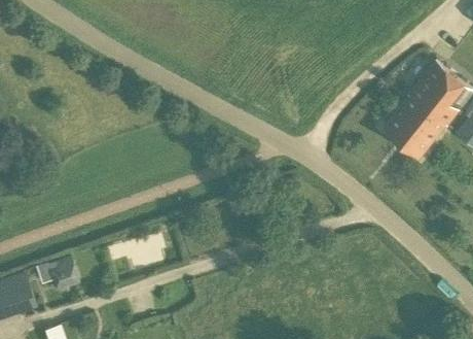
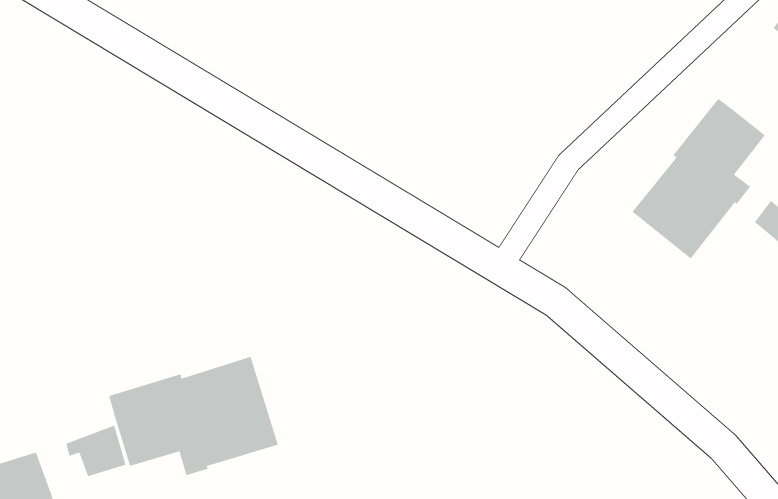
building: none -> [108,356,279,478]

